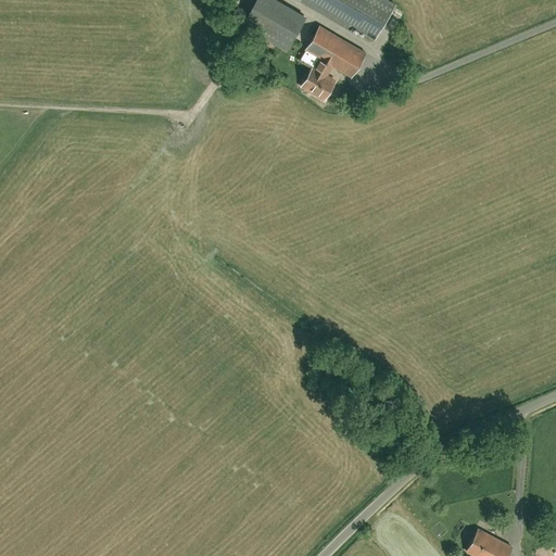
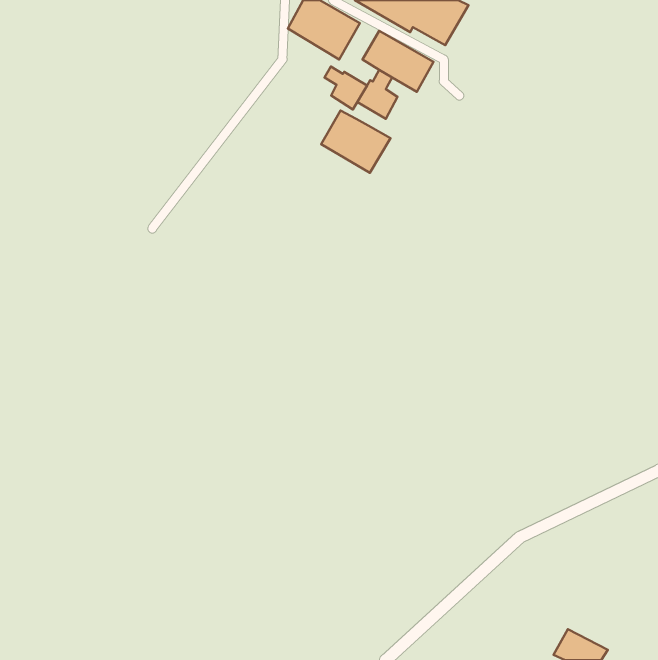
building: none -> [325,67,367,110]
building: none -> [321,110,390,173]

